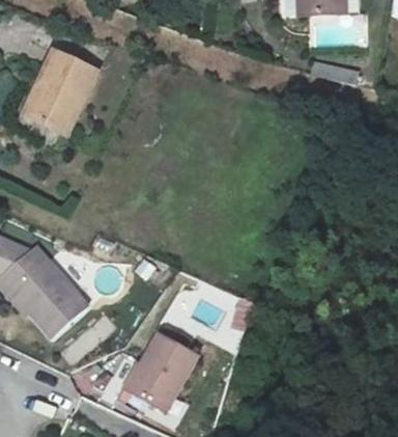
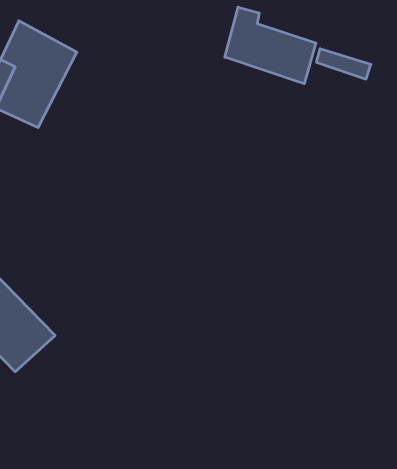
building: none -> [225,7,316,84]
building: [126,333,200,413] -> none

